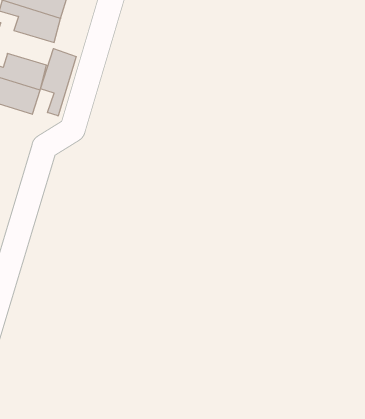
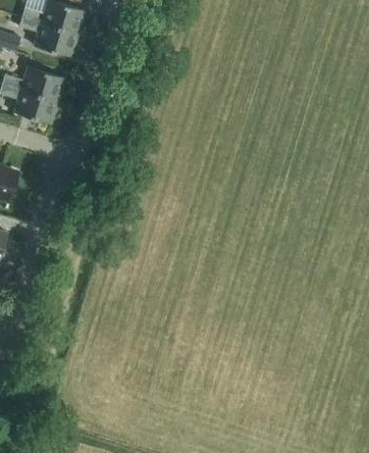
building: [40,49,76,116] -> none

